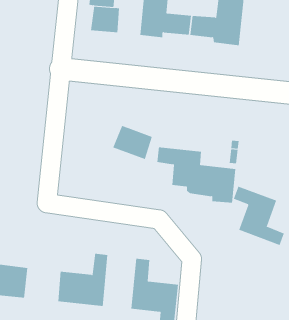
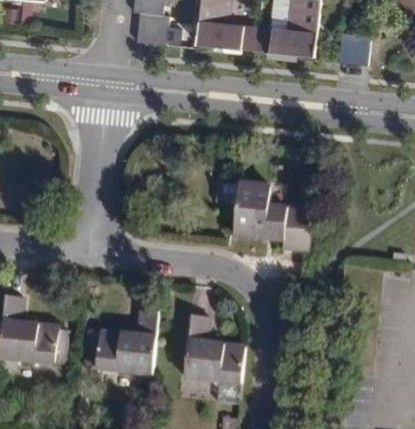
building: none -> [339,31,371,65]
building: [113,125,152,160] -> none
building: [233,186,284,246] -> none

